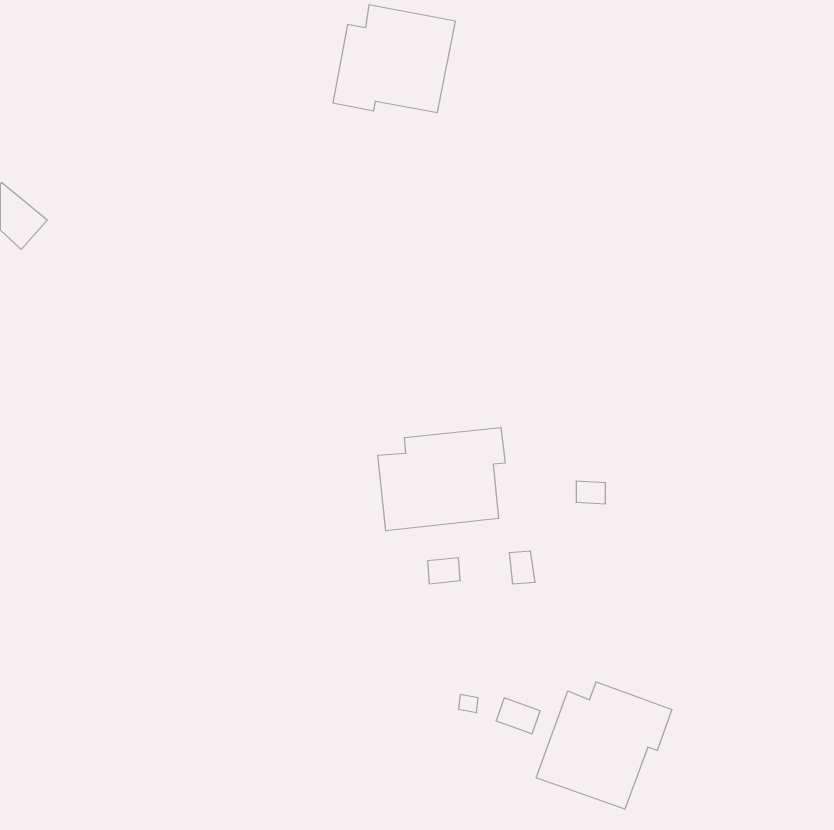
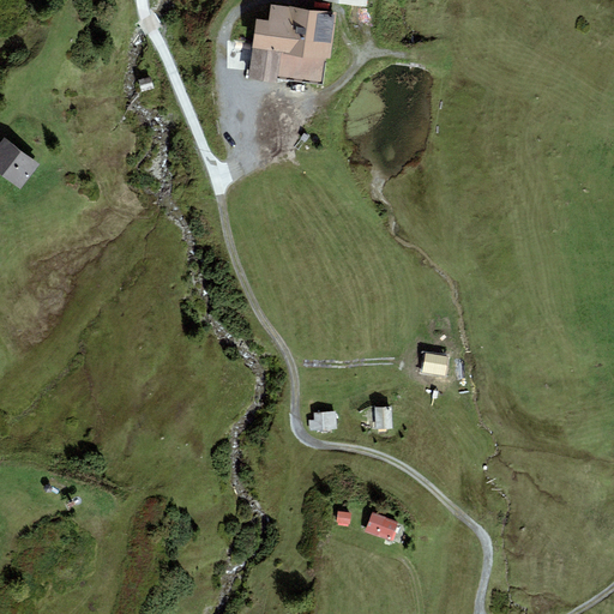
building: [378,427,505,531] -> none
building: [536,682,672,809] -> none

